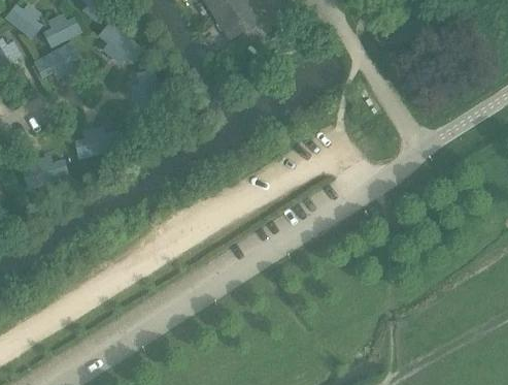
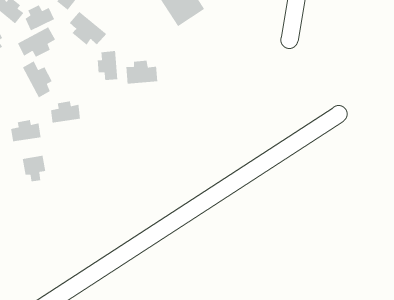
building: none -> [125,60,158,85]
building: none -> [22,60,53,98]
building: none -> [22,155,46,182]

